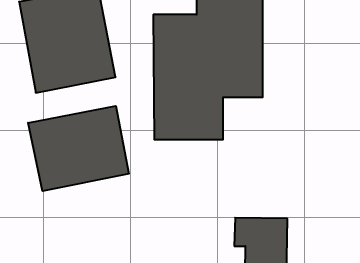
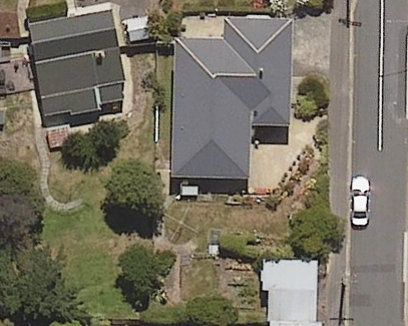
building: [28,106,129,191] -> none

